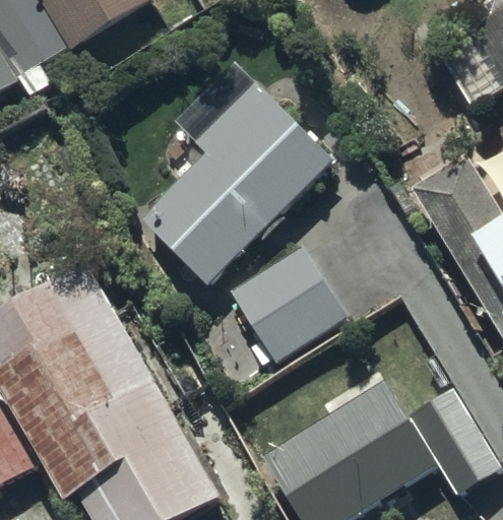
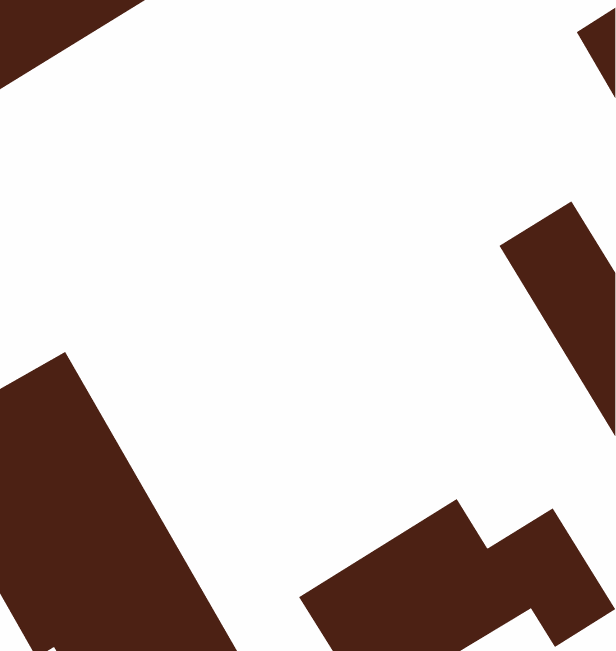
building: [139,83,332,287] -> none
building: [230,248,344,362] -> none

